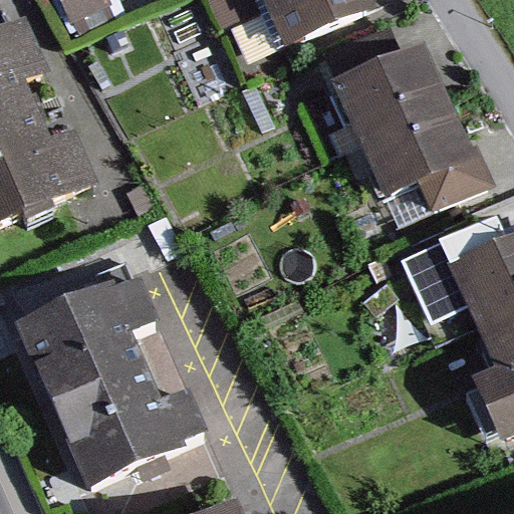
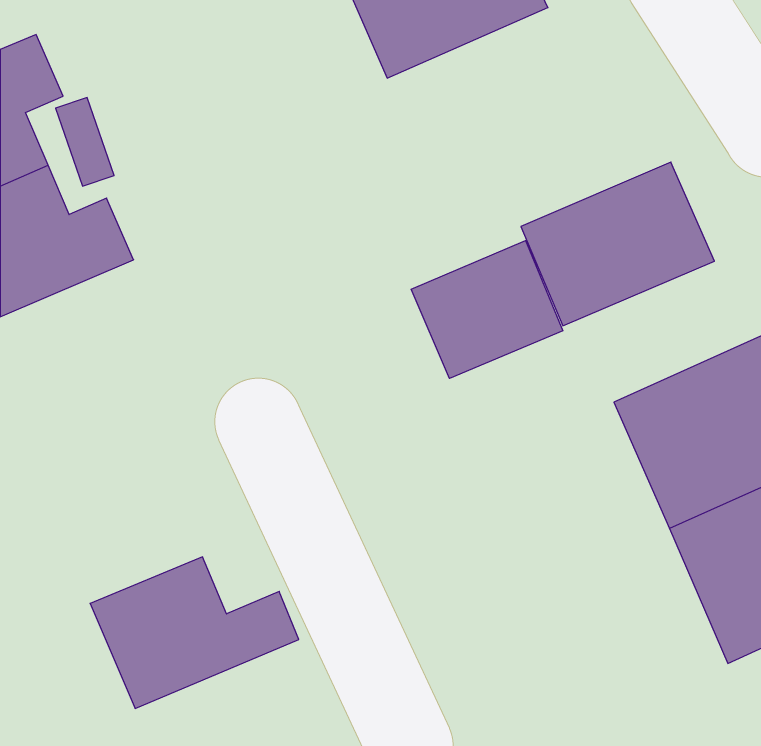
building: [324,42,453,152] -> none
building: none -> [411,241,563,378]
building: [33,283,157,404] -> none

